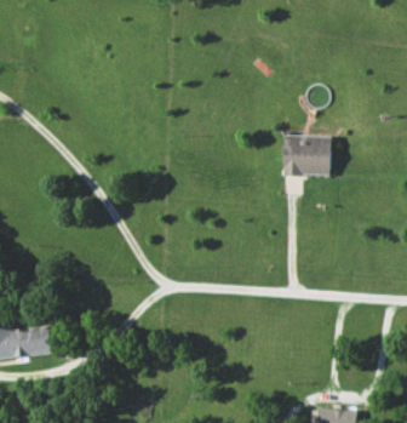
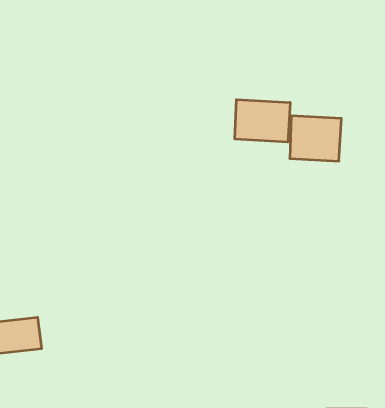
building: none -> [235,100,290,142]

